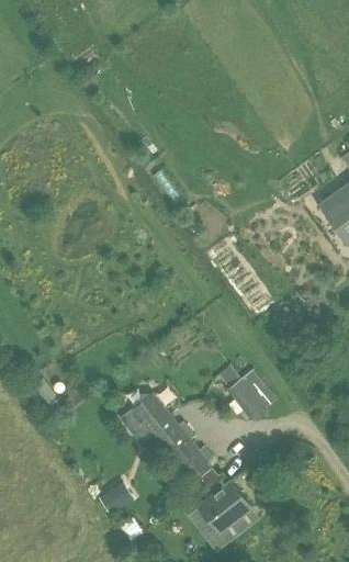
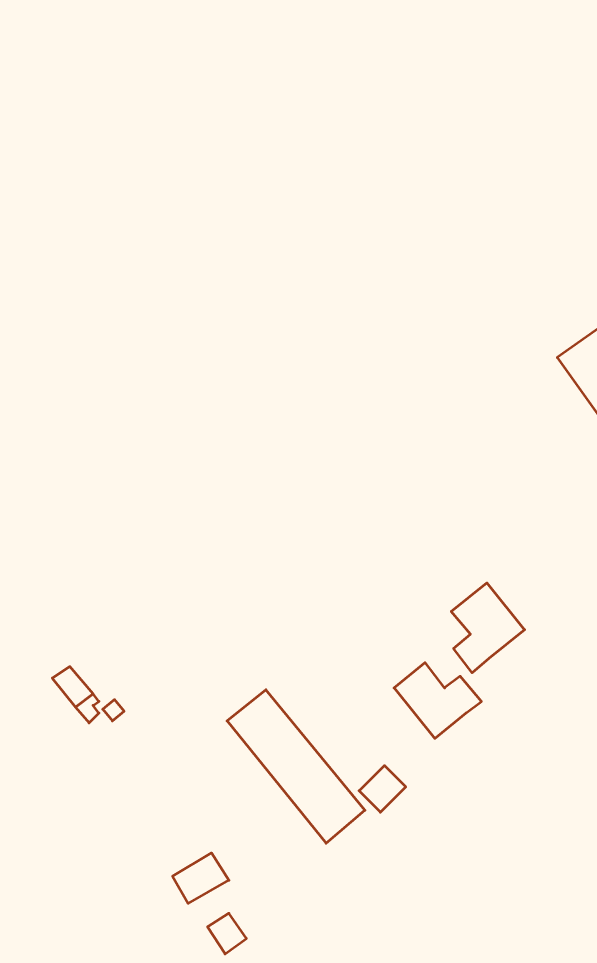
building: none -> [451,583,525,673]
building: [198,468,251,532] -> none

